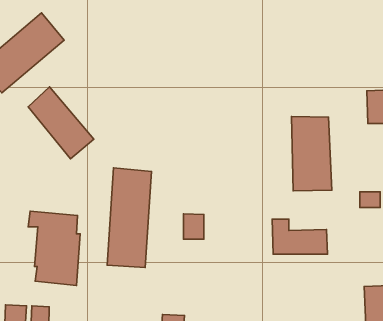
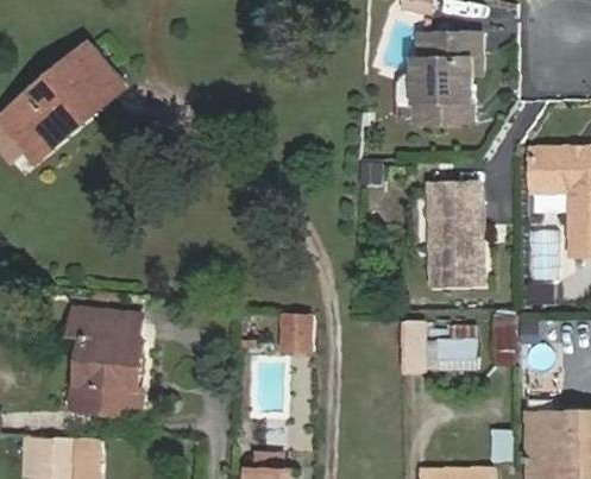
building: none -> [411,33,480,121]
building: [28,87,94,159] -> none
building: [107,168,151,268] -> none

